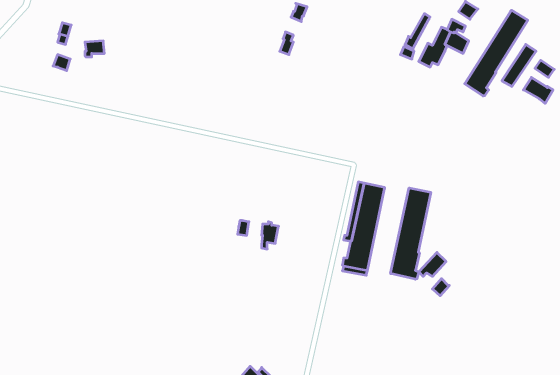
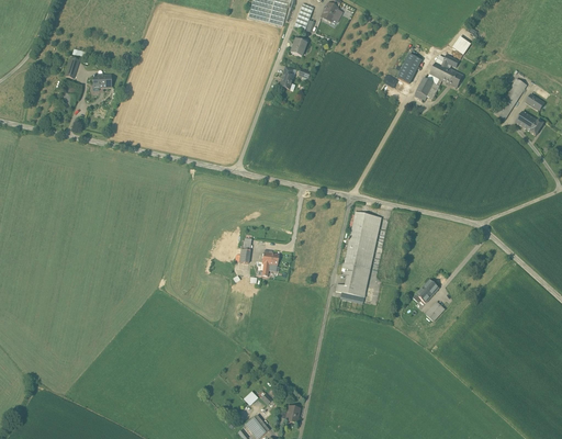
building: [465,10,528,96] -> none
building: [391,188,431,279] -> none

